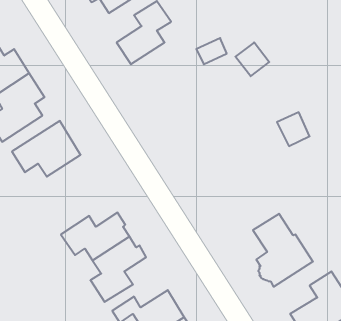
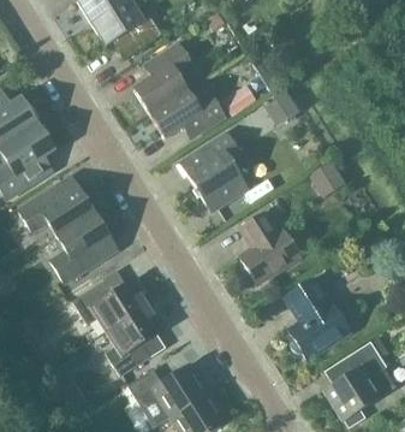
building: none -> [149,89,225,137]
building: none -> [180,132,248,212]
building: none -> [239,212,300,284]
building: none -> [50,213,118,283]

